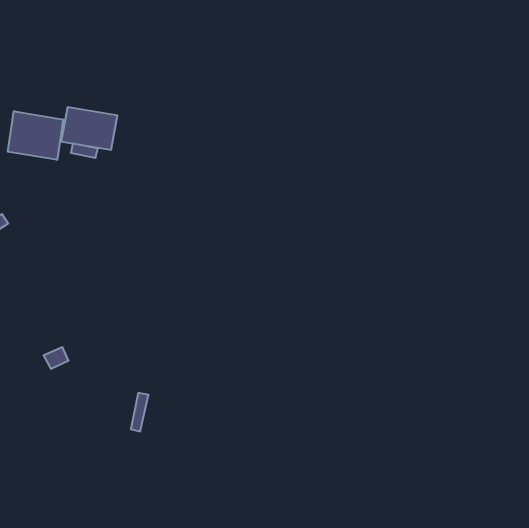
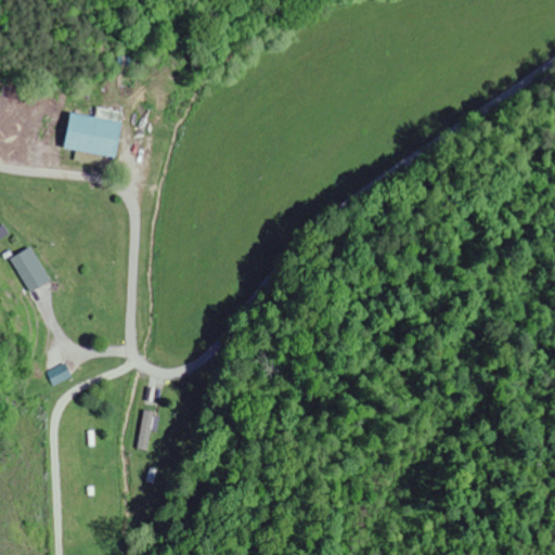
building: [8,111,63,160] -> none
building: none -> [11,246,51,292]

